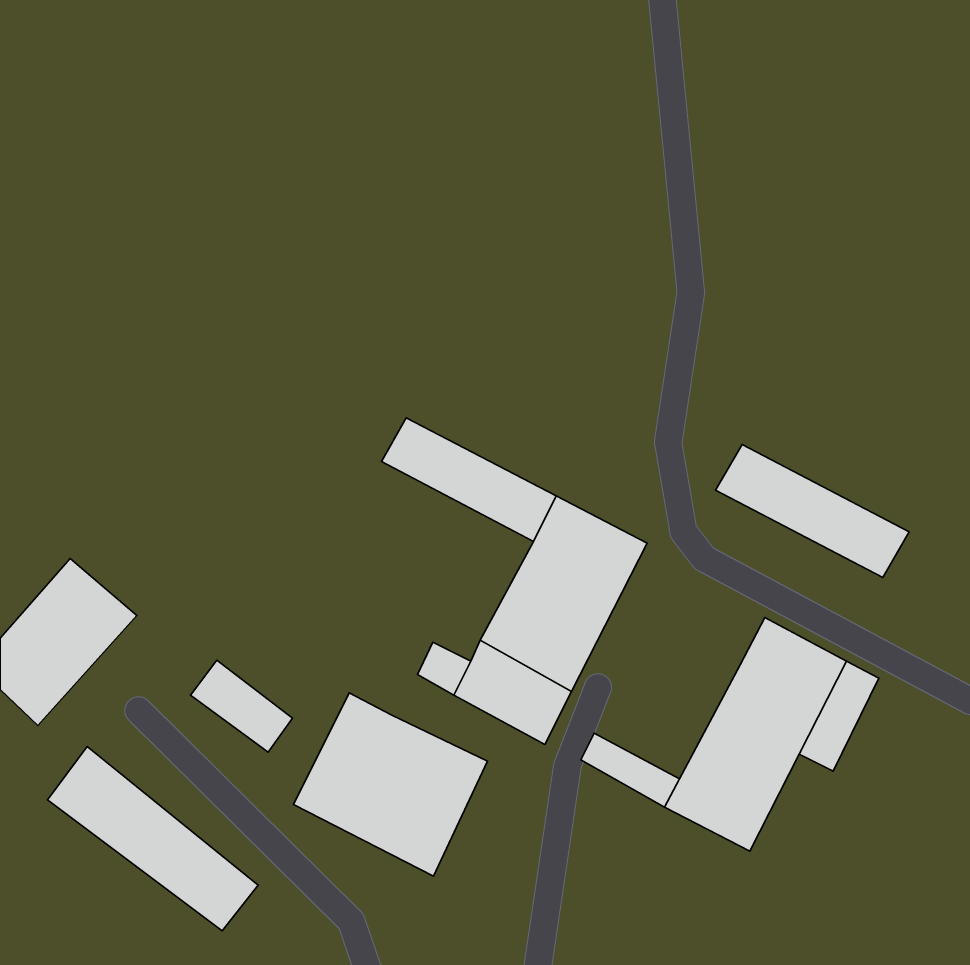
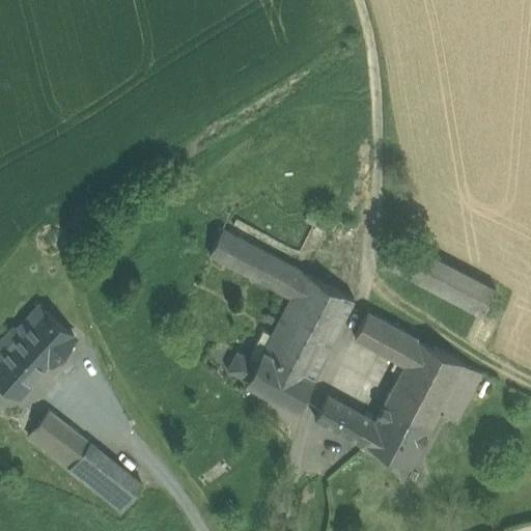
building: none -> [354,312,418,366]
building: [190,660,293,752] -> none
building: [293,693,487,876] -> none

